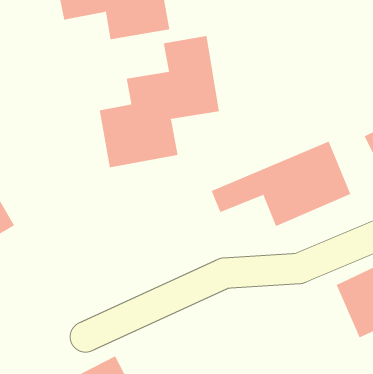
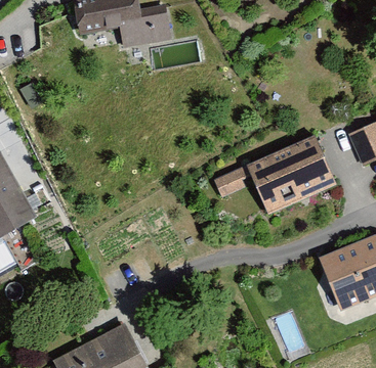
building: [99,35,219,168] -> none

